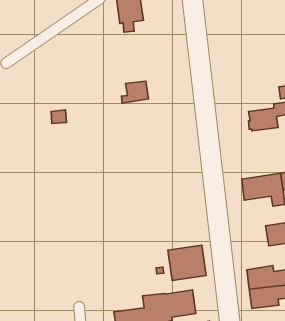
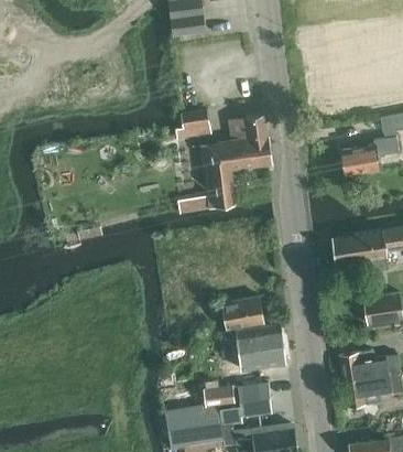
building: none -> [192,114,271,212]
building: none -> [220,297,262,329]

